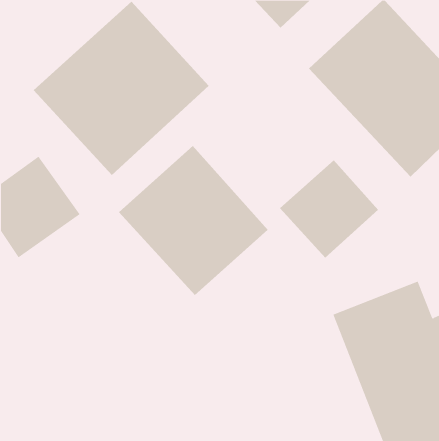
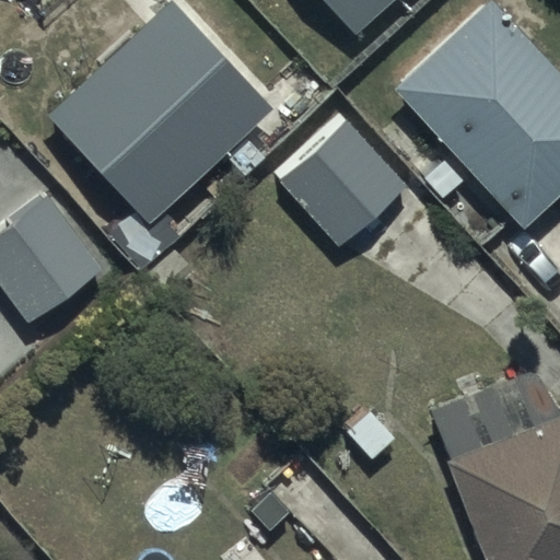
building: [118,145,268,296] -> none
building: [279,160,379,258] -> [282,122,408,247]

